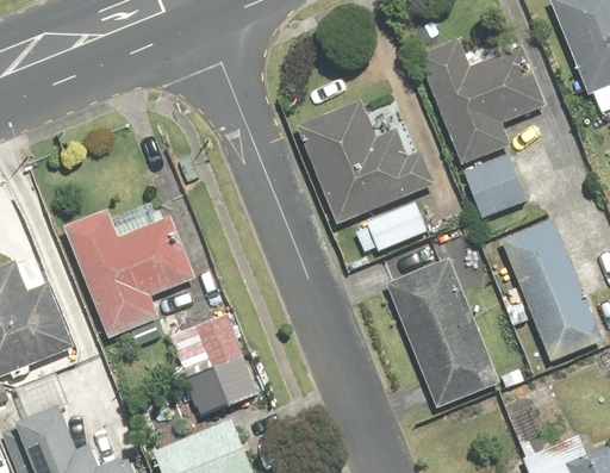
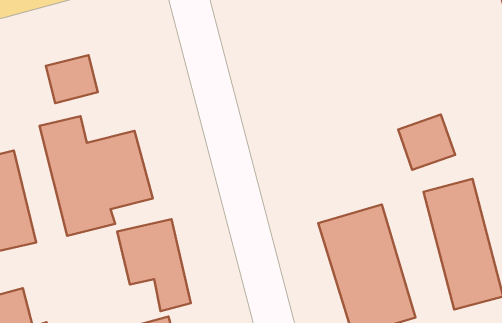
building: [417,33,549,161] -> none
building: [295,91,432,249] -> none
building: none -> [46,55,98,103]

